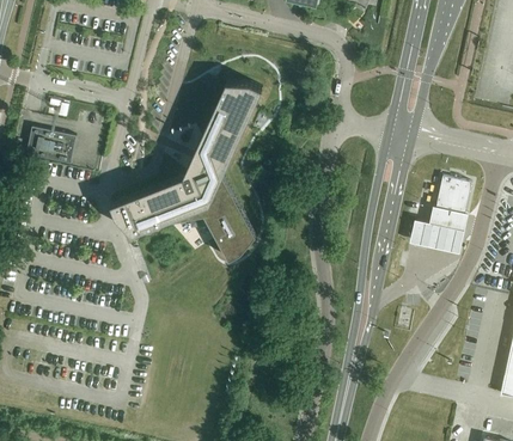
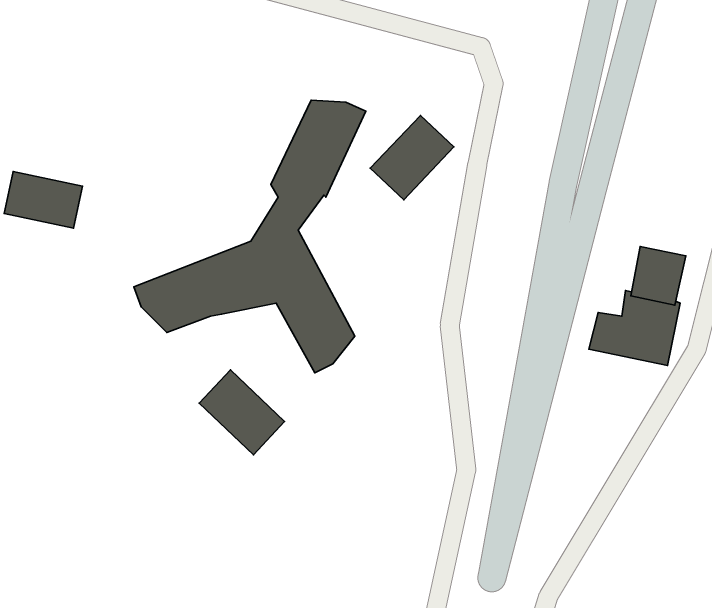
building: none -> [370,115,454,200]
building: none -> [199,370,285,455]

